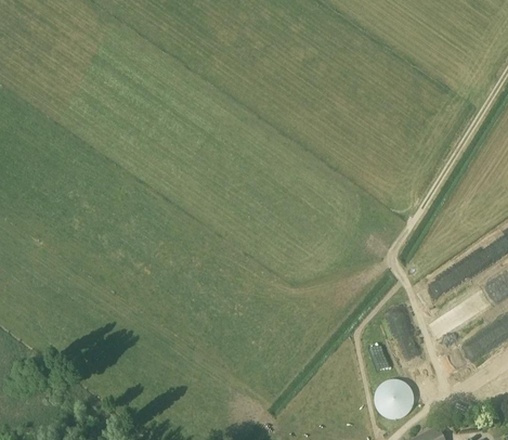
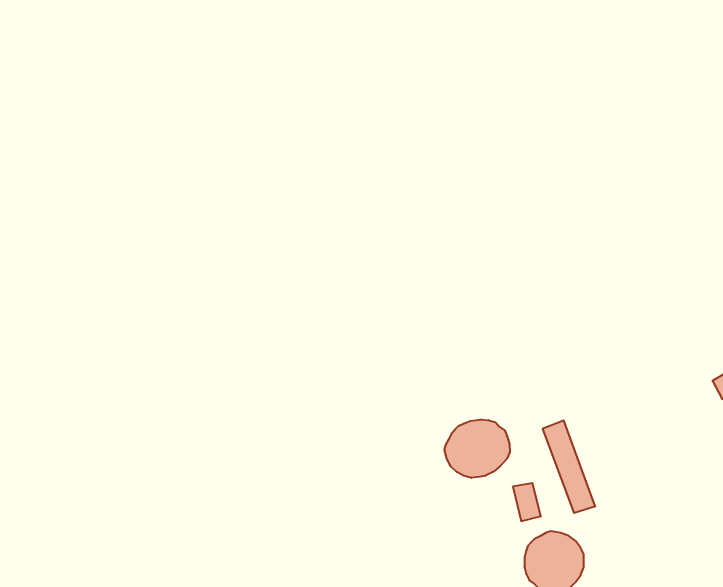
building: none -> [444,419,510,478]

